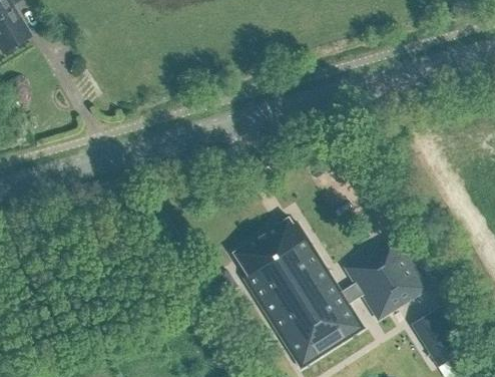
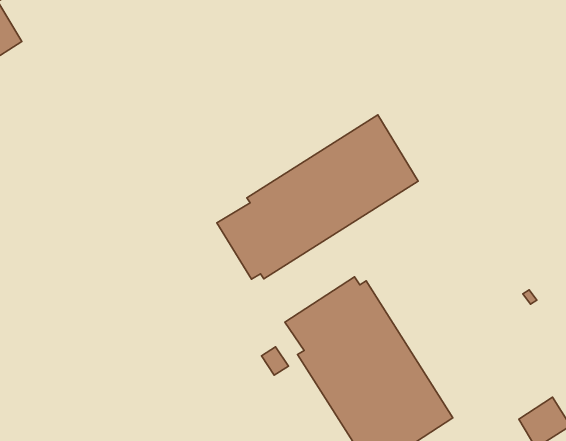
building: none -> [217,115,418,279]
building: [344,242,425,320] -> none

